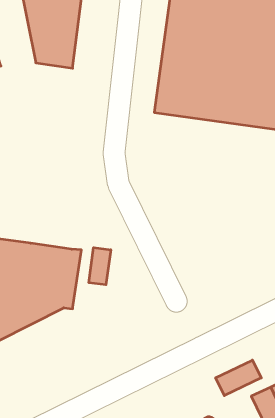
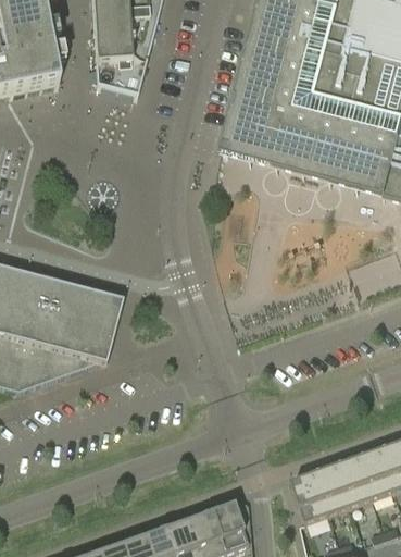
building: [89,248,111,285] -> none
building: [216,360,261,396] -> none

